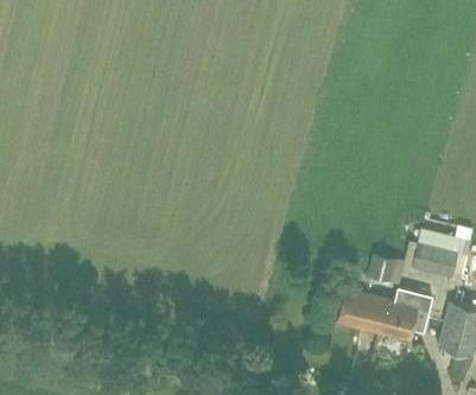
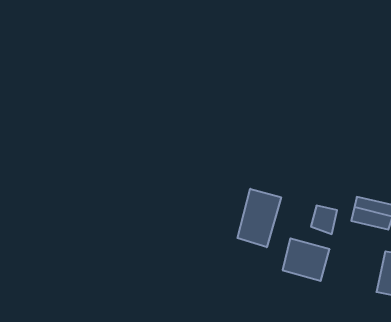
building: none -> [237,189,281,247]
building: [379,288,432,342] -> none

